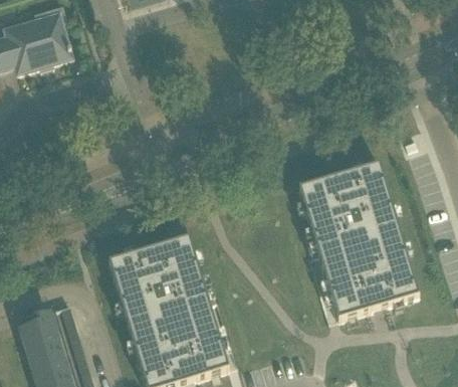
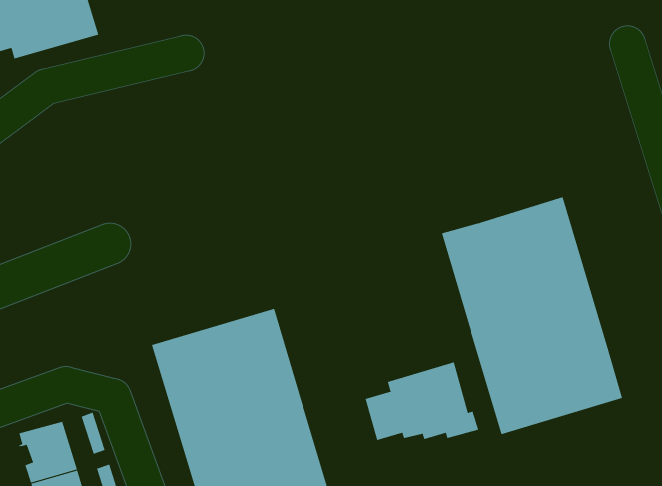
building: none -> [365,361,479,441]

